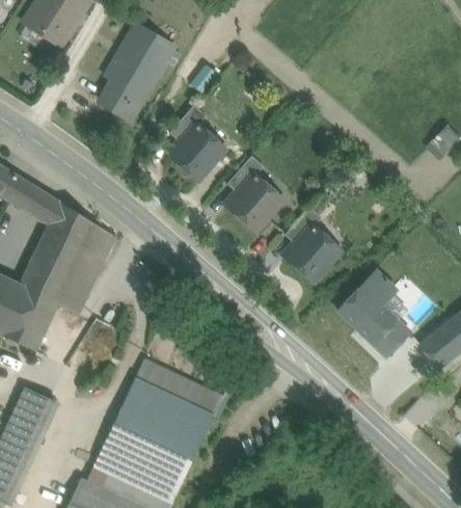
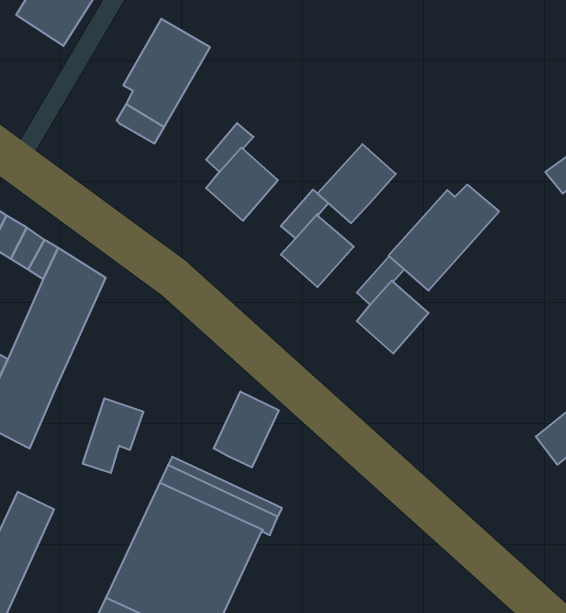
building: none -> [318,144,396,223]
building: none -> [389,185,499,291]
building: [55,223,115,317] -> none
building: [337,271,409,356] -> none
building: none -> [214,391,279,467]

